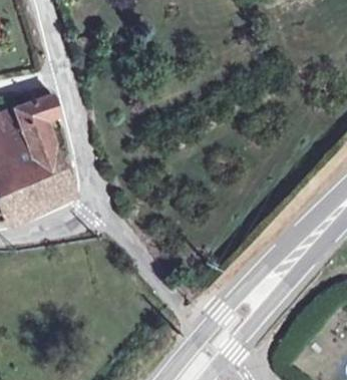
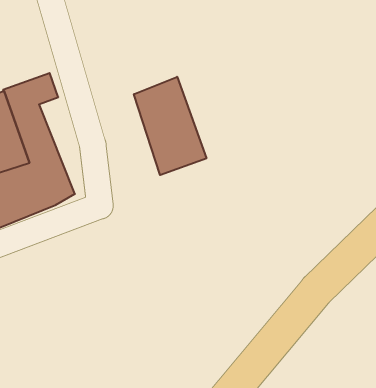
building: none -> [134,77,206,175]

